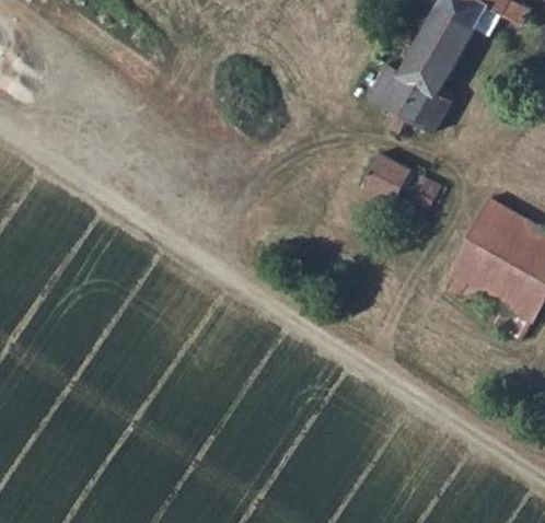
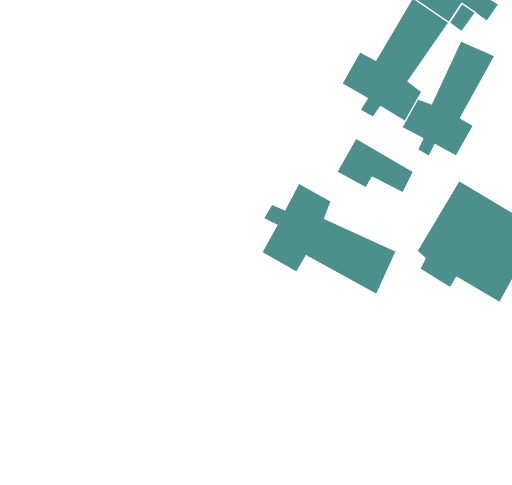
building: none -> [402,41,495,156]
building: none -> [262,183,396,294]

